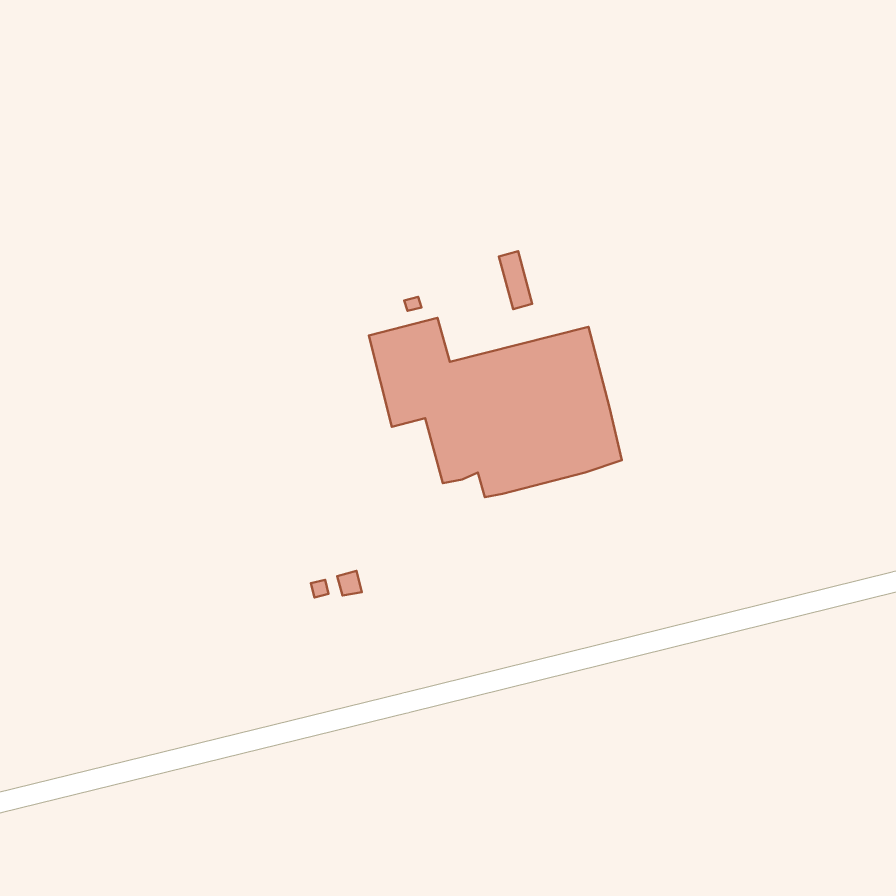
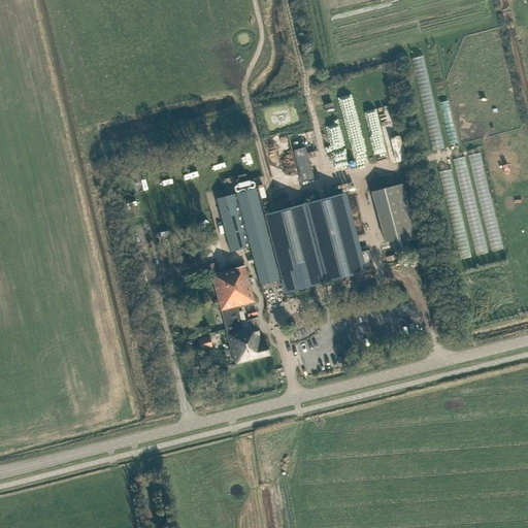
building: none -> [371,184,416,241]
building: none -> [211,265,269,364]

